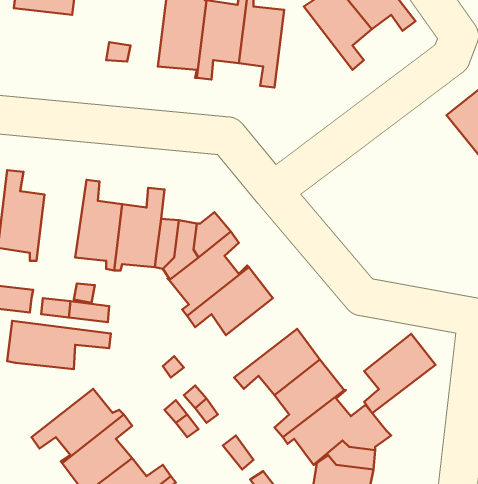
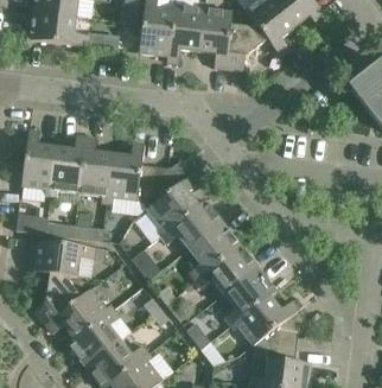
building: none -> [224,8,281,70]
building: none -> [30,9,88,45]
building: none -> [50,134,87,196]
building: [364,334,435,413] -> [189,222,241,280]
building: none -> [33,269,91,324]

